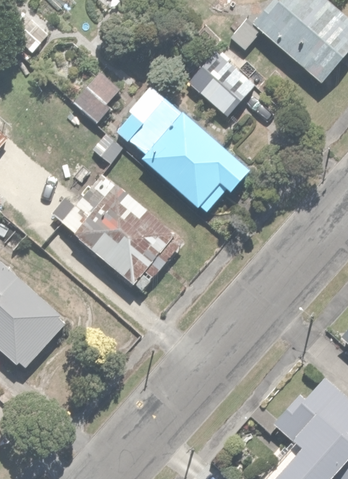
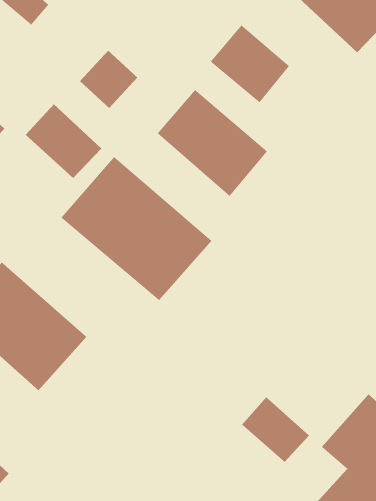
building: none -> [25,103,102,179]
building: none -> [241,396,310,463]

